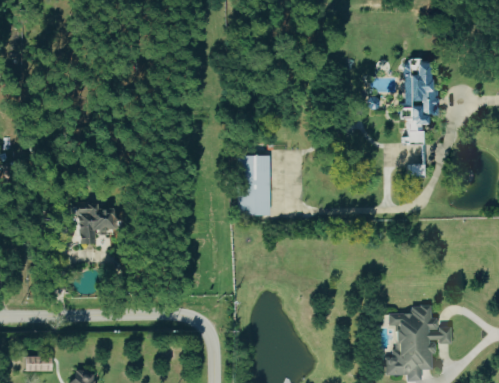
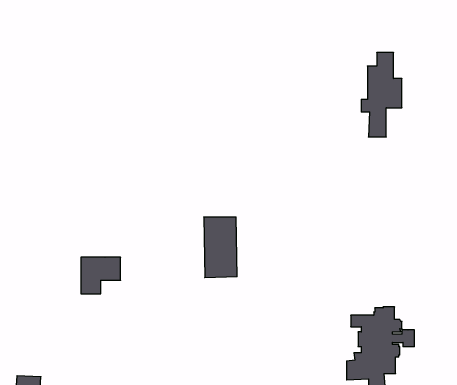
building: [239,156,271,214] -> [204,217,237,278]
building: [76,206,114,241] -> [81,257,121,294]

